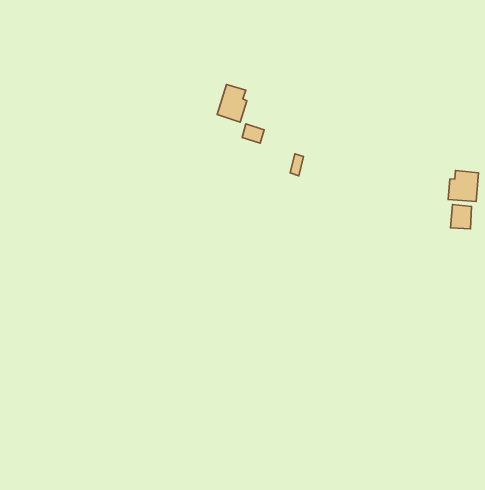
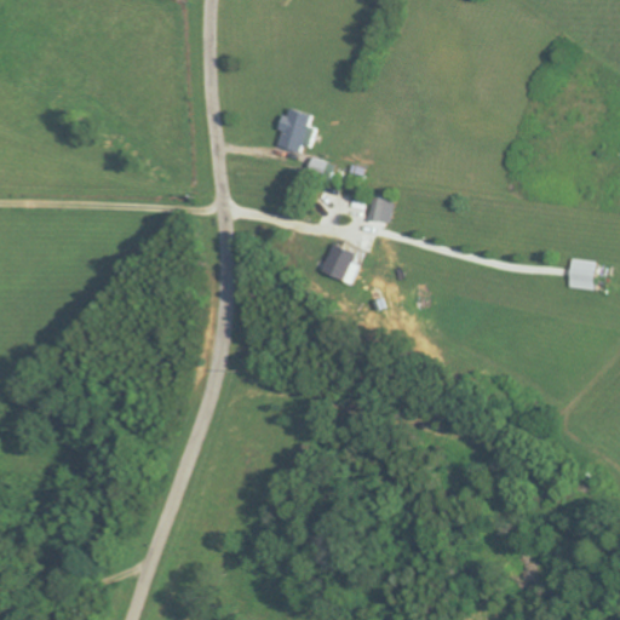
building: [448,171,478,202] -> none
building: none -> [318,242,357,283]

